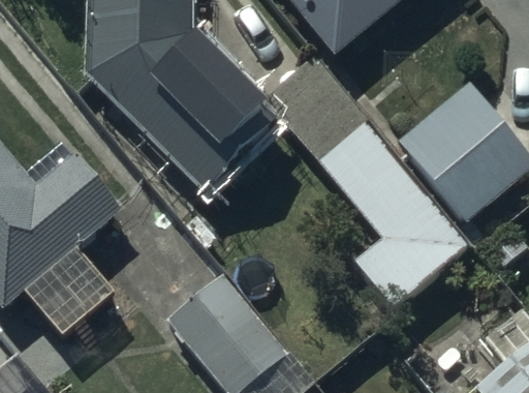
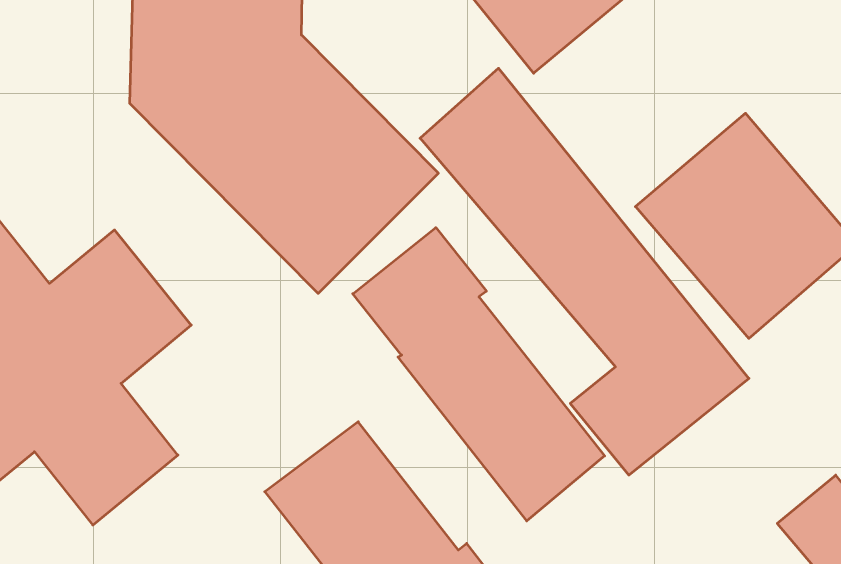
building: none -> [353,228,605,521]

